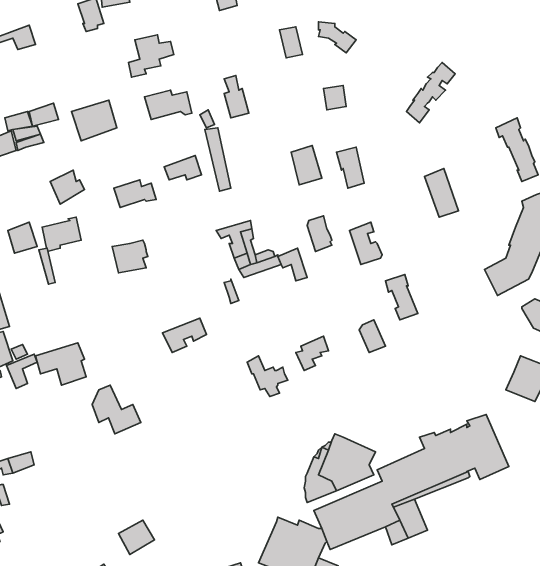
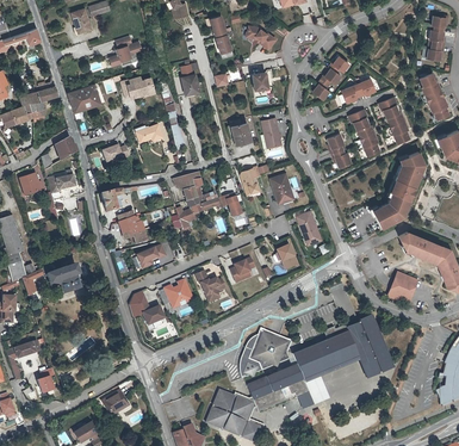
building: none -> [340,79,377,105]
building: none -> [349,110,380,156]
building: none -> [117,210,150,244]
building: none -> [163,278,194,309]
building: [92,385,141,434] -> [129,290,165,326]
building: none -> [358,352,395,378]

